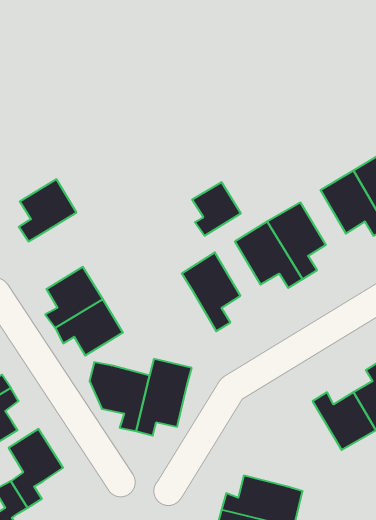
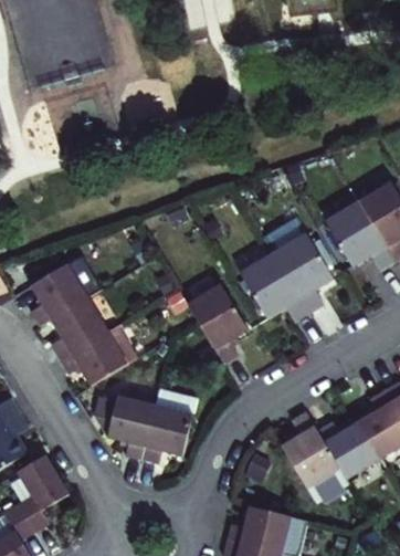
building: [19,179,76,241] -> [32,263,90,325]
building: [192,182,241,236] -> none
building: none -> [282,411,350,504]

